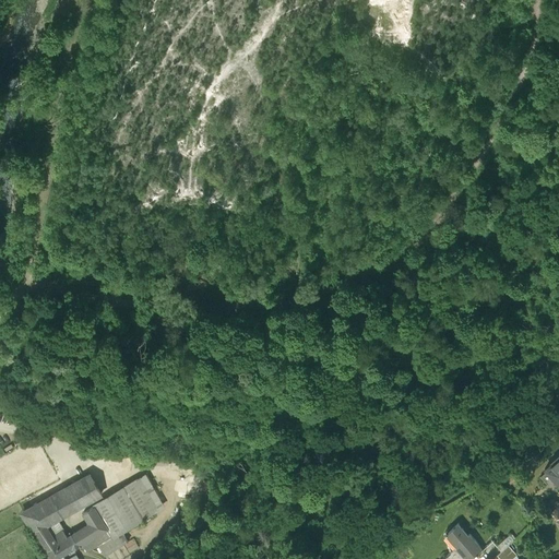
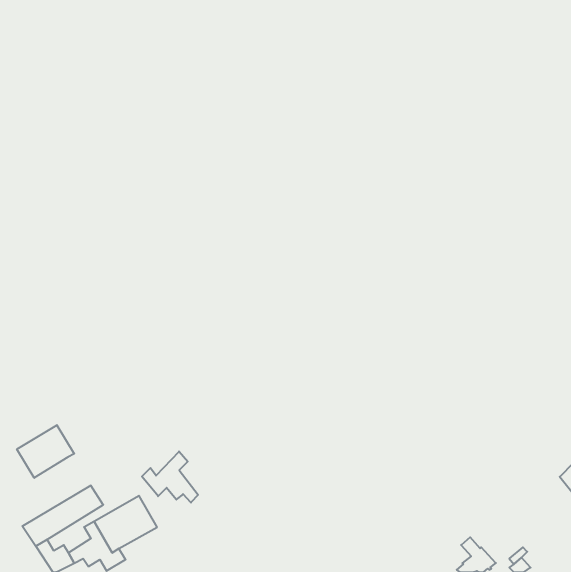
building: none -> [17,425,74,478]
building: none -> [142,451,198,503]

